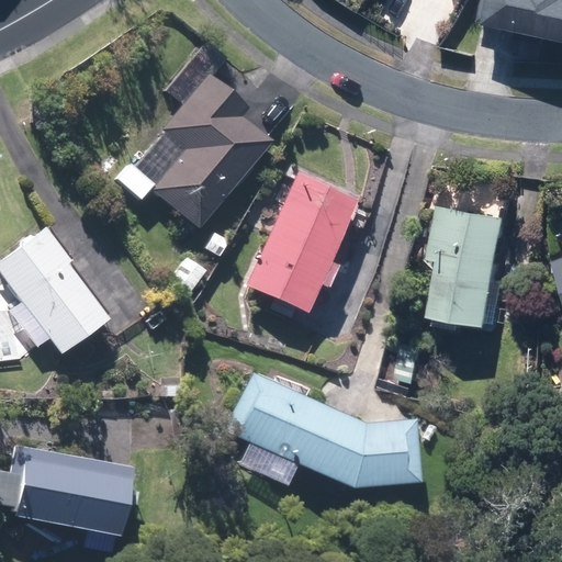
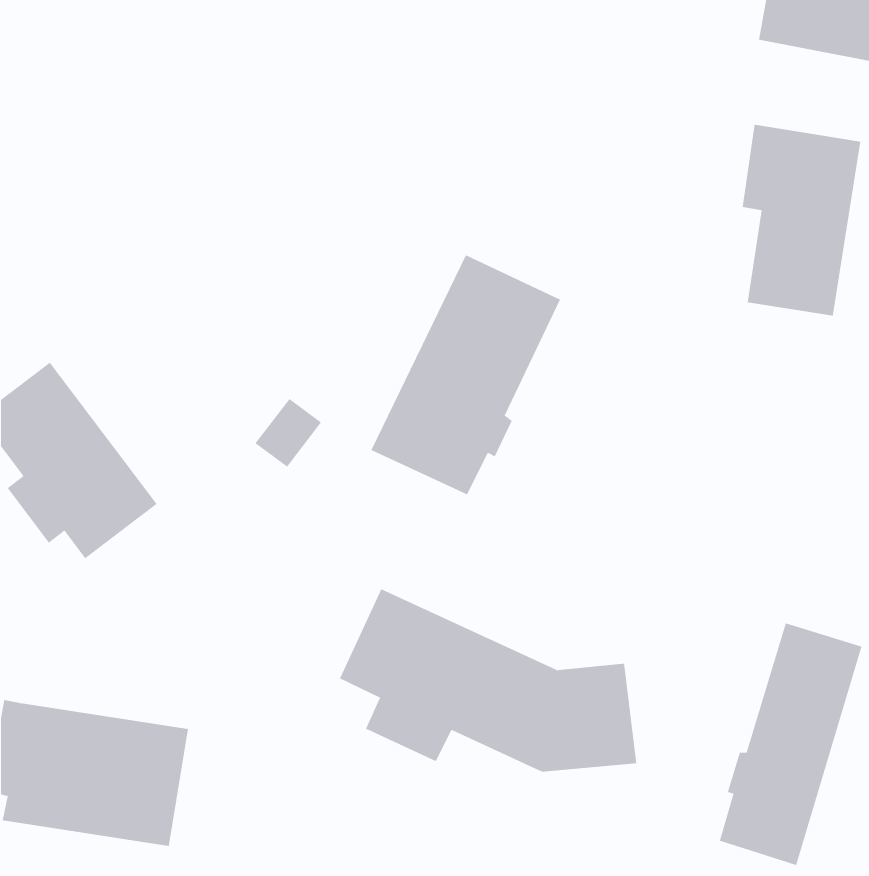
building: [128,41,273,228] -> none
building: [438,203,514,325] -> [742,124,861,316]
building: none -> [719,622,862,866]

